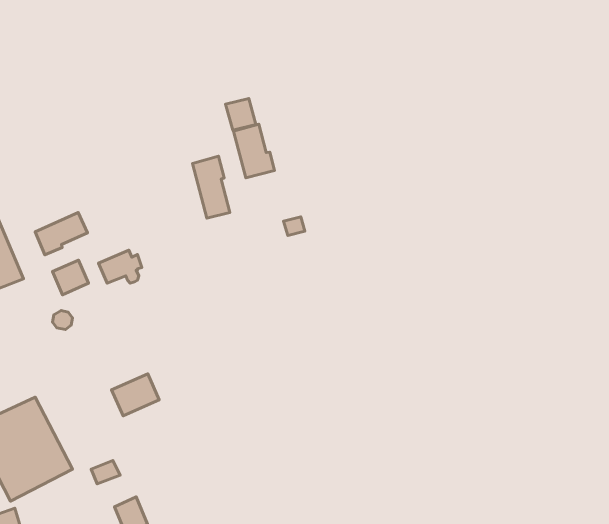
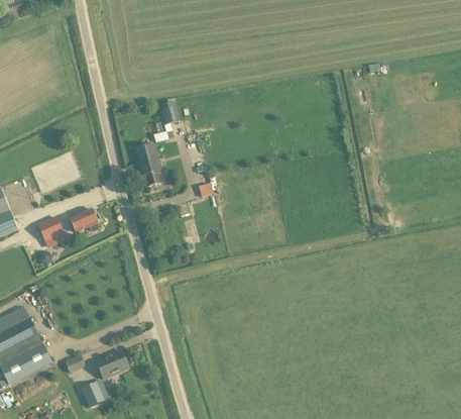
building: [233,124,275,178] -> none
building: [35,213,88,255] -> none
building: [112,374,159,416] -> [95,349,128,379]

